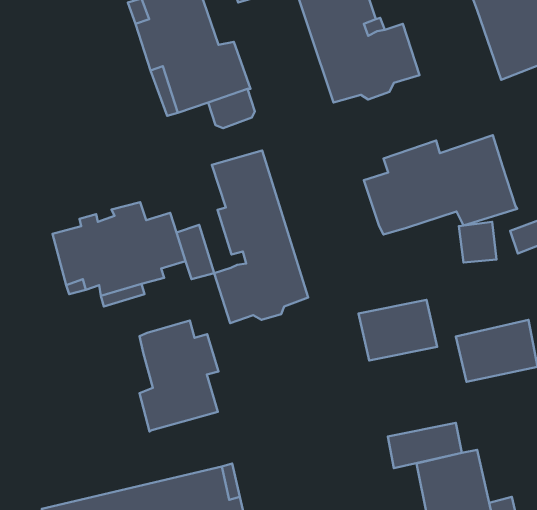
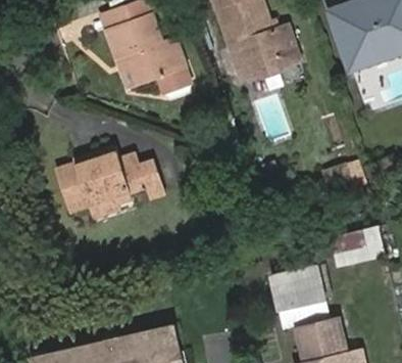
building: [364,135,517,234] -> none
building: [212,151,308,323] -> none
building: [359,300,437,360] -> [270,266,323,307]
building: [139,320,218,431] -> none

